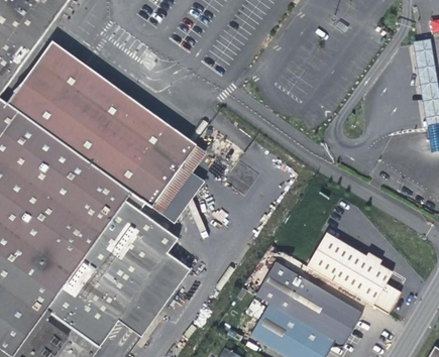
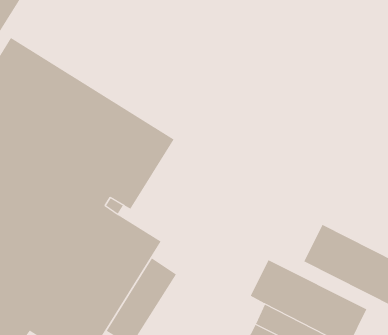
building: [151,145,206,223] -> none

